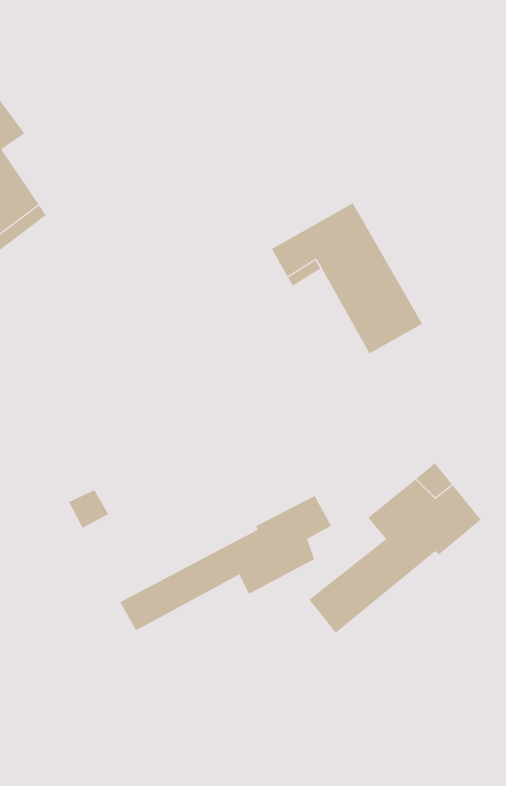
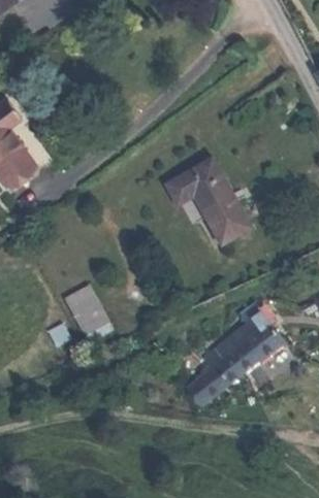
building: none -> [65,287,107,334]
building: [119,495,332,631] -> none

